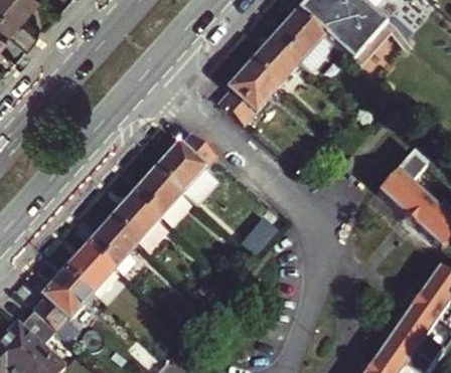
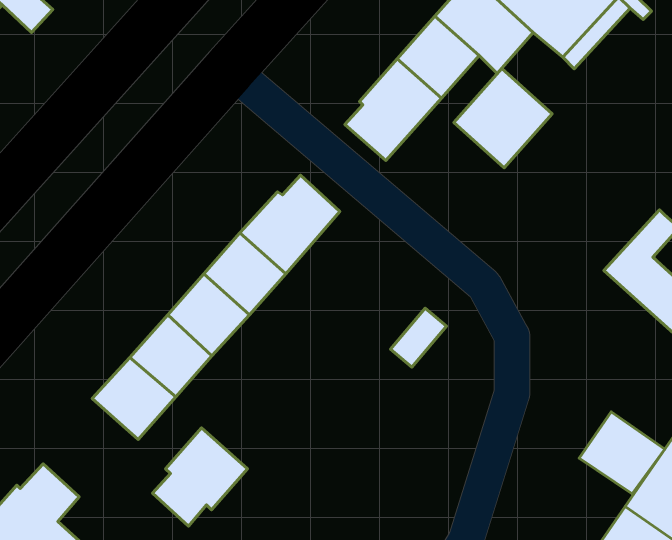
building: none -> [454,68,552,168]
building: [33,268,92,329] -> [152,428,247,526]
building: none -> [579,412,665,494]

